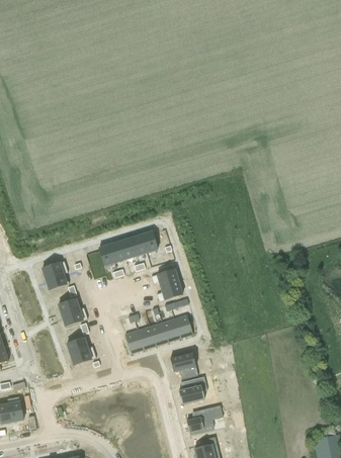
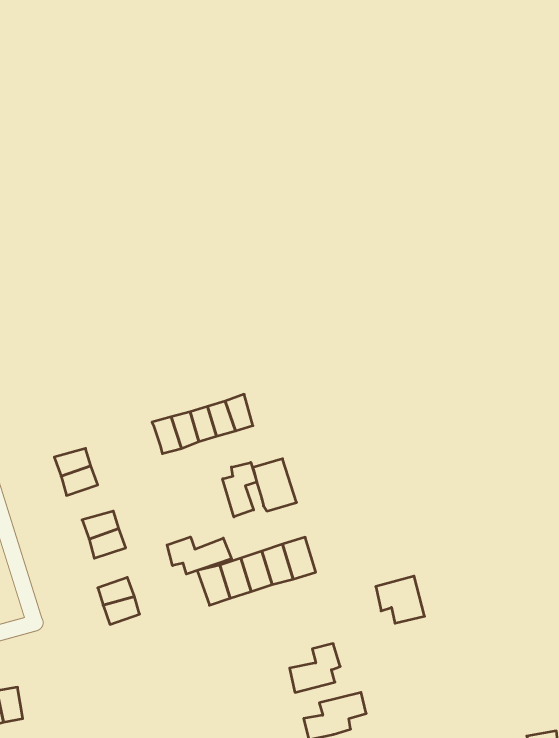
building: none -> [223,462,257,517]
building: none -> [167,537,232,574]
building: [170,351,198,378] -> [376,576,425,623]

